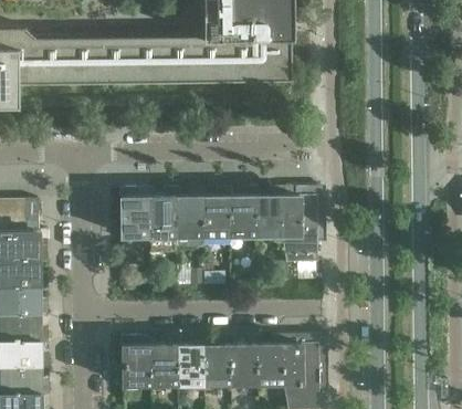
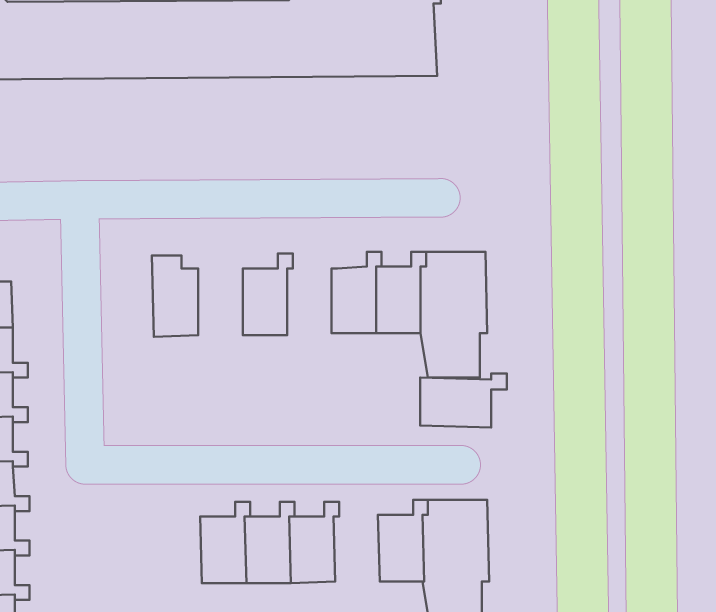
building: [148,190,178,239] -> none
building: [201,190,231,239] -> none
building: none -> [420,373,507,428]
building: [229,337,259,386] -> none
building: [123,338,150,388] -> none

